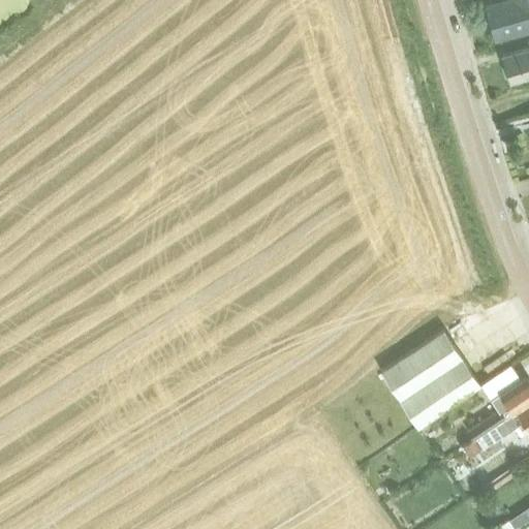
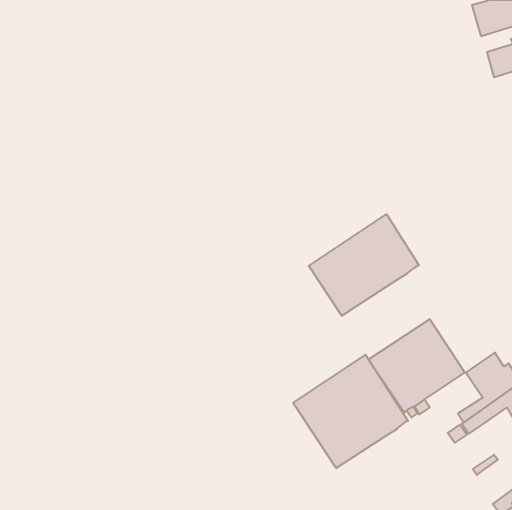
building: none -> [309,214,419,316]
building: none -> [293,355,408,468]

